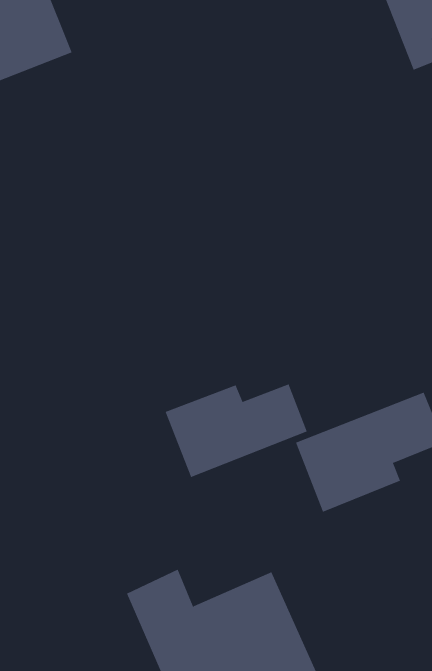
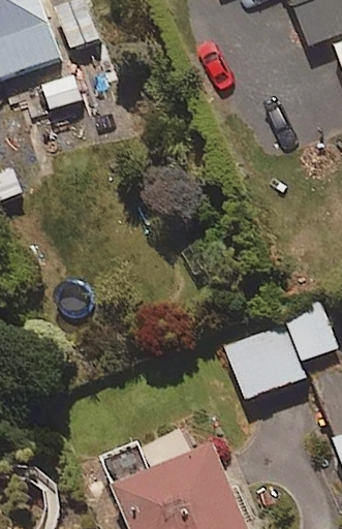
building: [165,384,307,478] -> none

